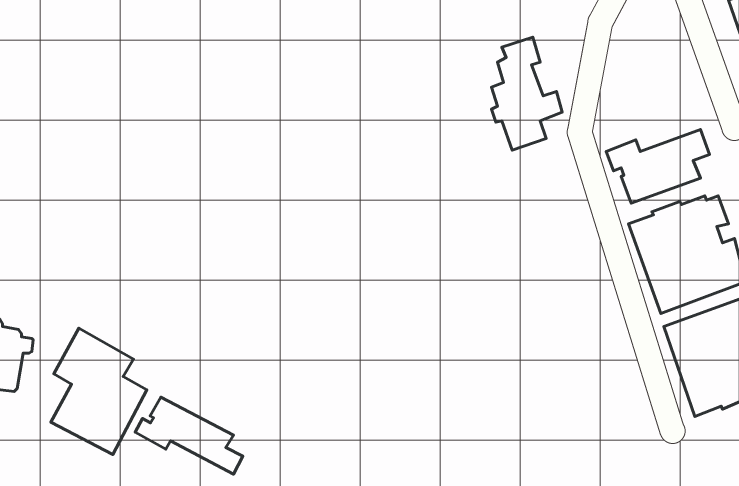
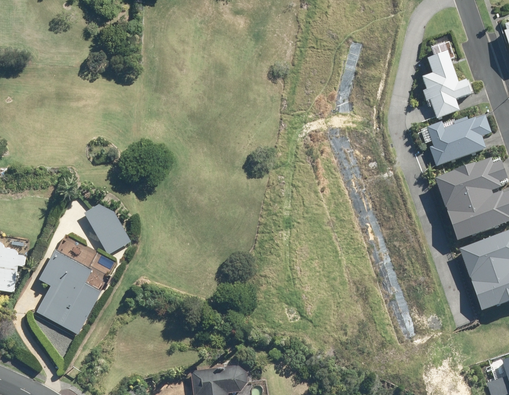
building: [492,37,562,150] -> [419,41,467,118]
building: none -> [87,205,134,254]
building: [135,397,243,474] -> none

